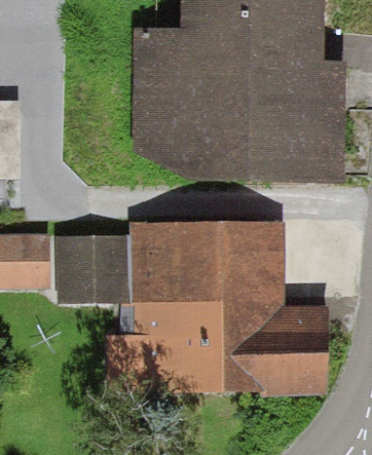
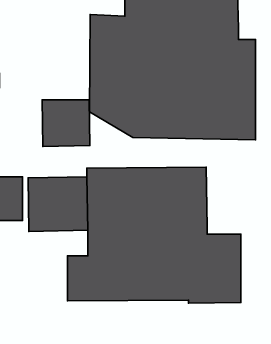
building: none -> [42,100,90,146]

